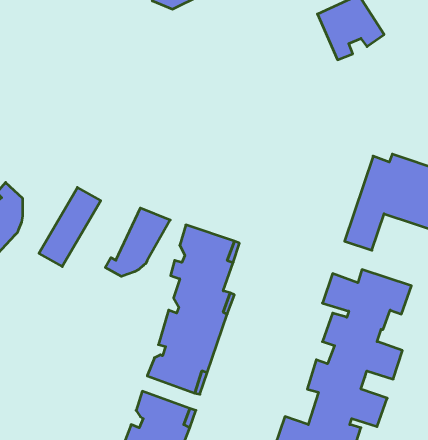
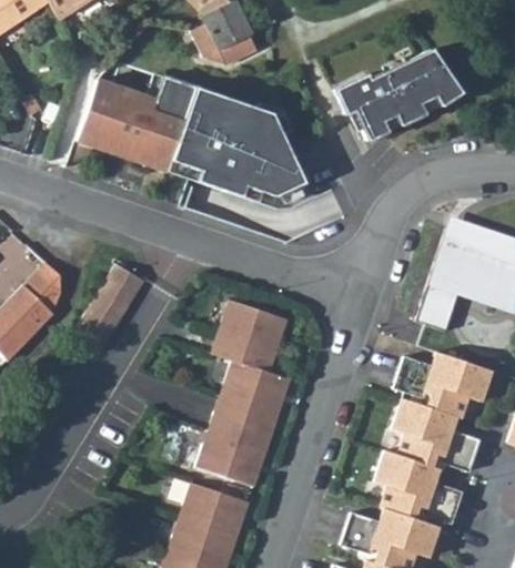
building: none -> [332,71,406,141]
building: none -> [77,77,303,195]
building: [105,208,170,276] -> none

